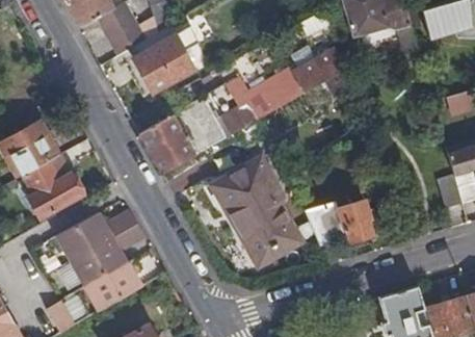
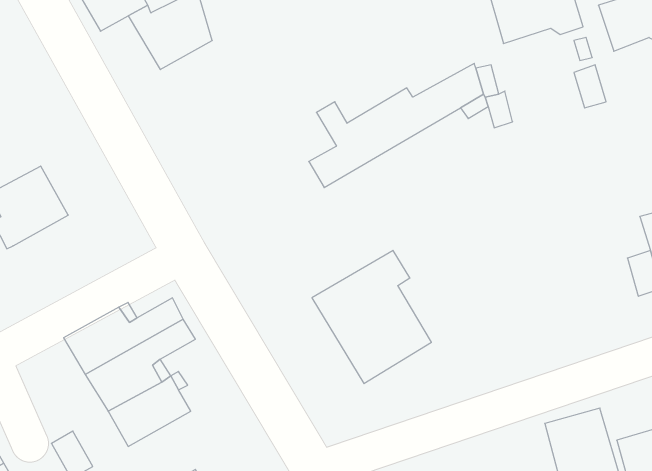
building: [134,40,194,96] -> none
building: [141,98,227,174] -> none
building: [209,152,279,209] -> none
building: [21,153,81,216] -> none
building: [306,198,372,264] -> none

